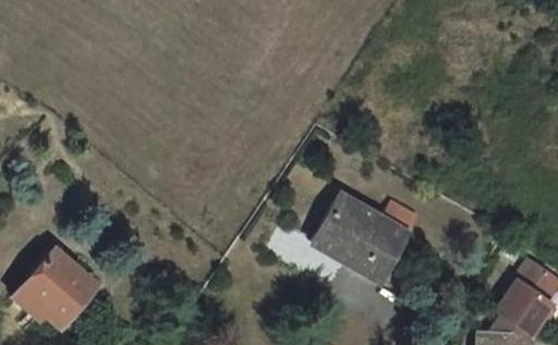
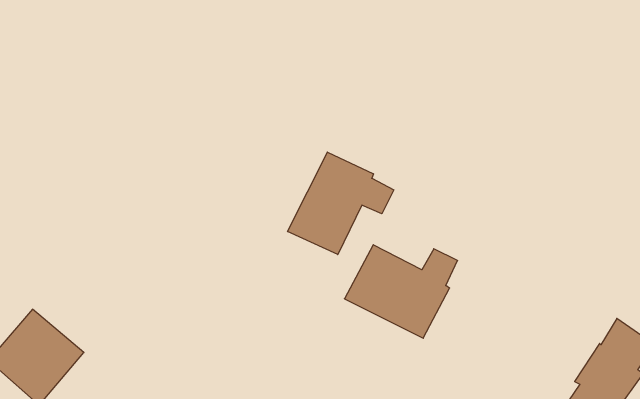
building: none -> [288,152,394,255]

